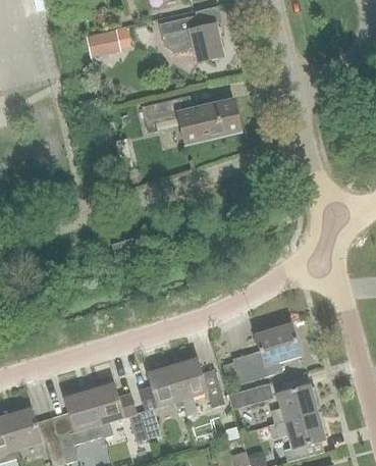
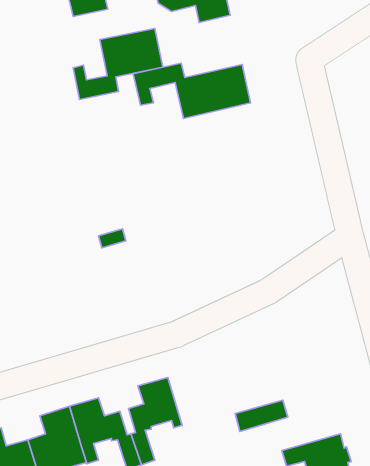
building: none -> [73,29,163,100]
building: [233,324,300,383] -> none
building: [171,356,222,412] -> none
building: [272,384,318,424] -> none

